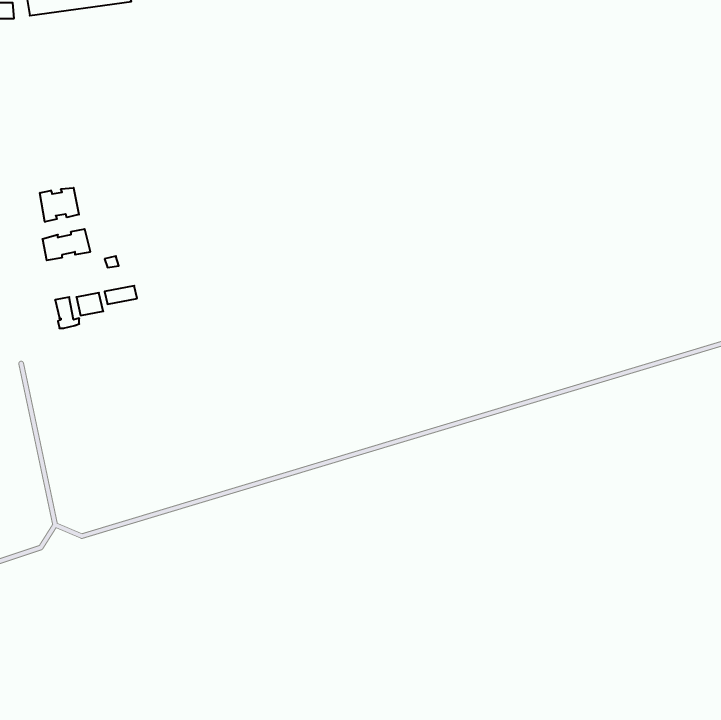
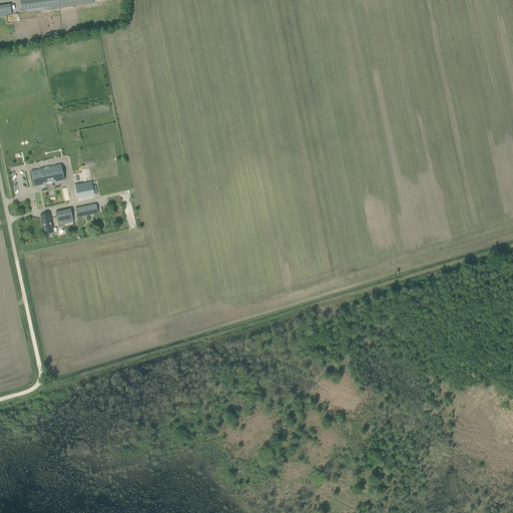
building: [40,188,79,222] -> none

